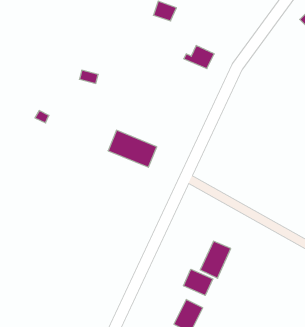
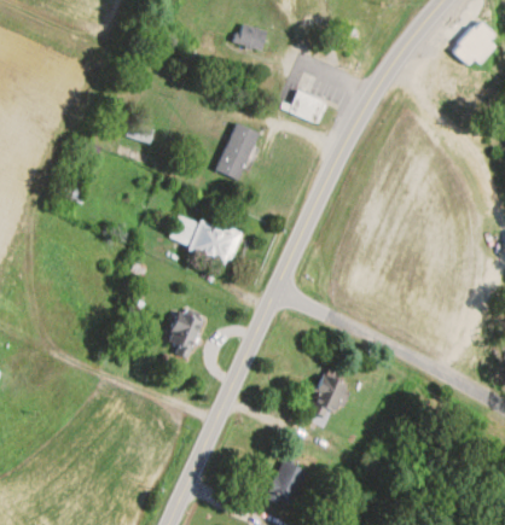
building: none -> [215,122,261,180]
building: none -> [168,310,204,351]
building: [184,269,213,295] -> none

